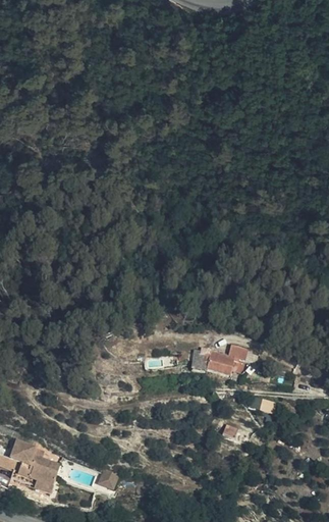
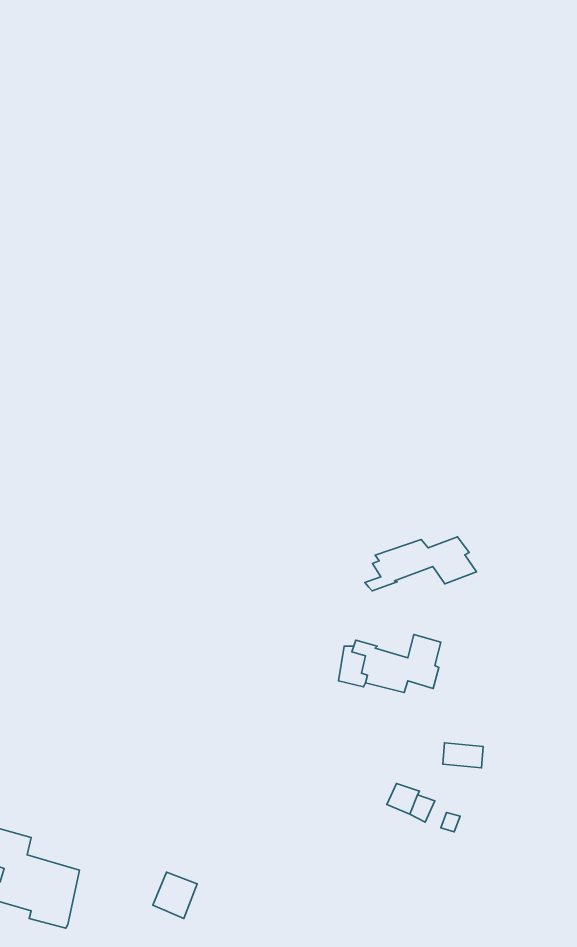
building: none -> [365,537,477,591]

